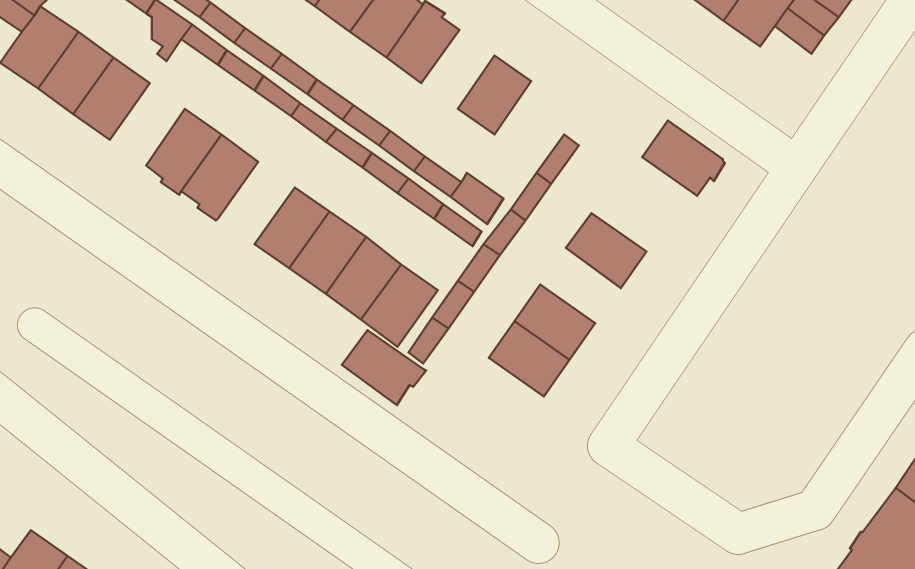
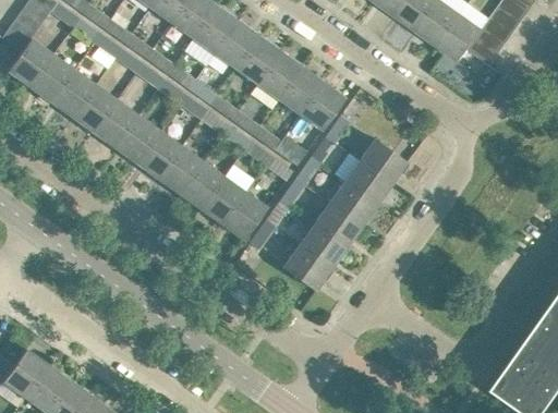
building: none -> [257,51,301,98]
building: none -> [301,82,344,130]
building: none -> [72,83,117,134]
building: [642,121,725,196] -> [359,138,408,183]
building: none -> [136,130,182,180]
building: none -> [328,181,376,226]
building: [342,330,426,405] -> [282,246,332,291]

